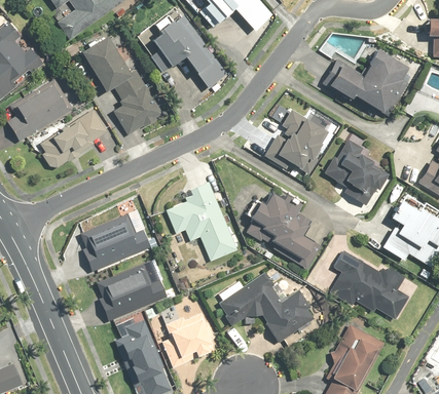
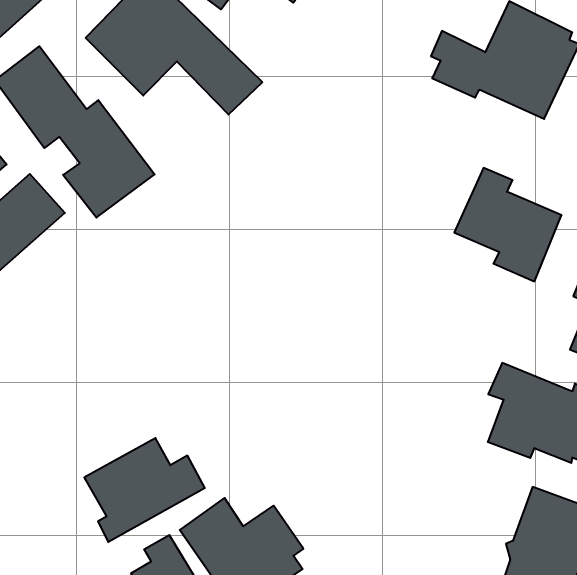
building: [266,111,329,172] -> none
building: [160,183,240,264] -> none
building: [248,197,321,273] -> none
building: [80,214,152,274] -> none
building: [218,273,318,343] -> none

